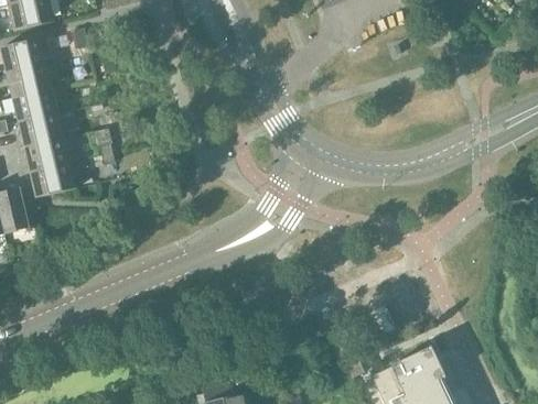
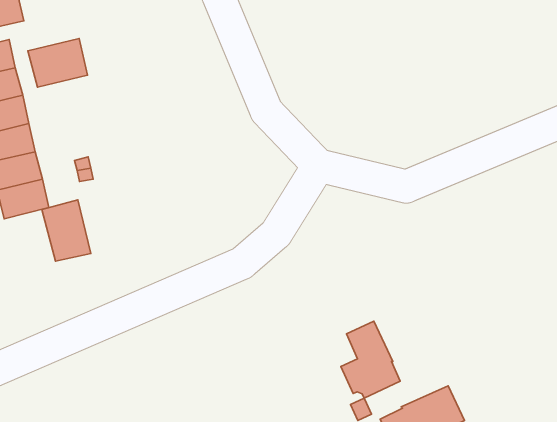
building: none -> [28,38,88,87]
building: none -> [42,200,91,261]
building: none -> [341,321,400,398]

